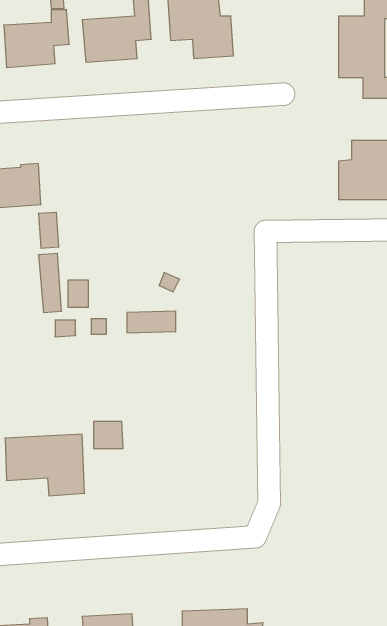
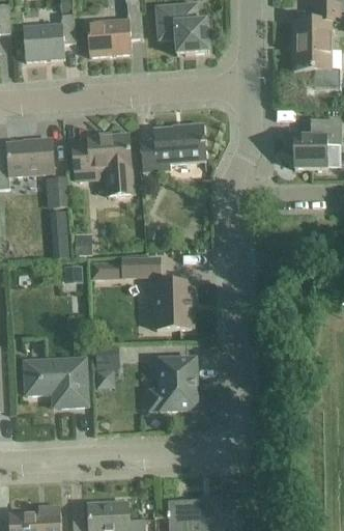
building: none -> [141,124,205,170]
building: none -> [73,134,132,195]
building: none -> [149,281,194,329]
building: none -> [148,357,196,410]

